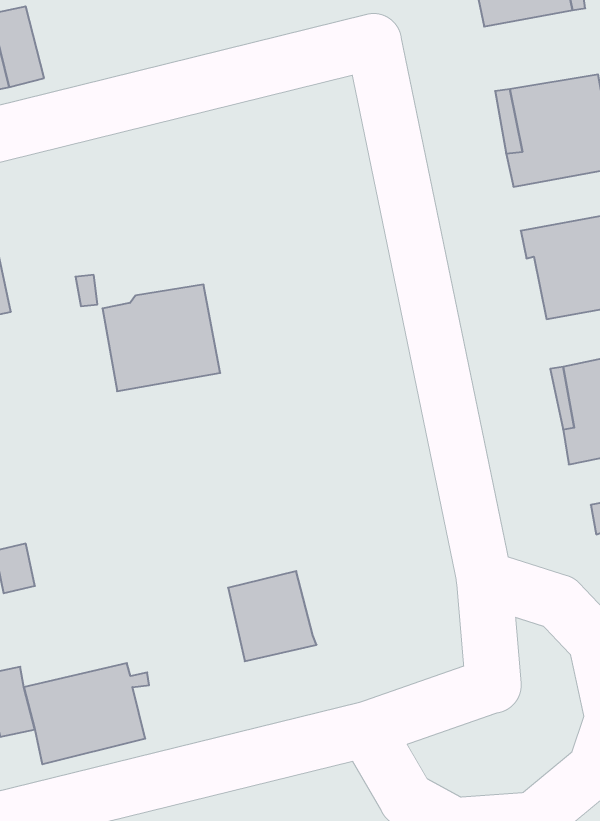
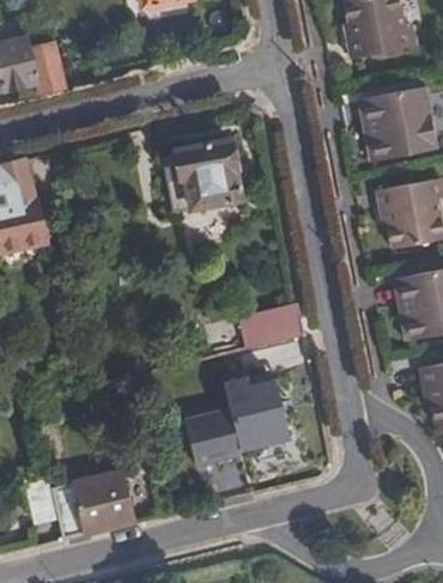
building: [102,285,220,391] -> [164,139,241,208]
building: none -> [239,300,307,346]
building: none -> [223,378,289,451]

